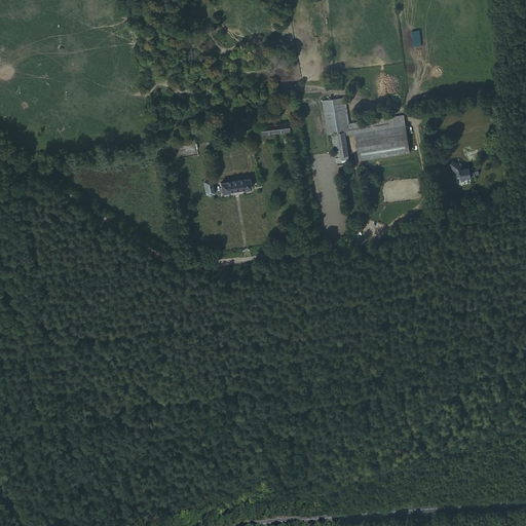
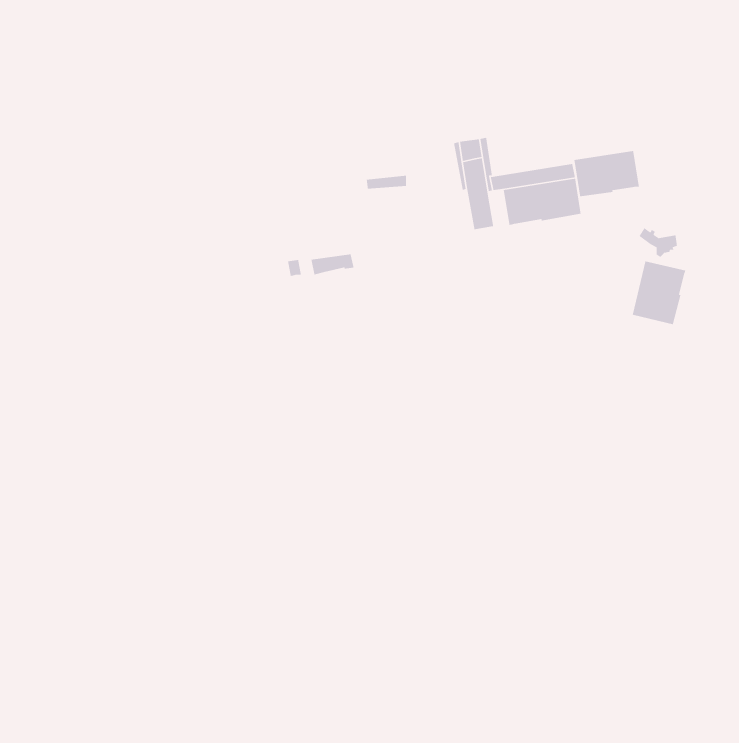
building: none -> [574,150,640,197]
building: none -> [632,260,686,325]

